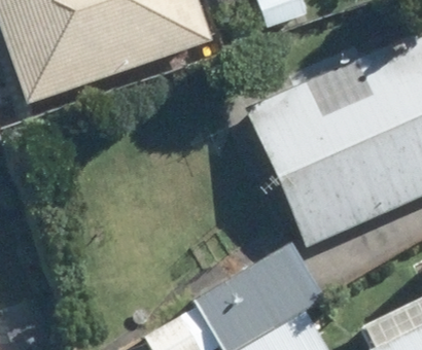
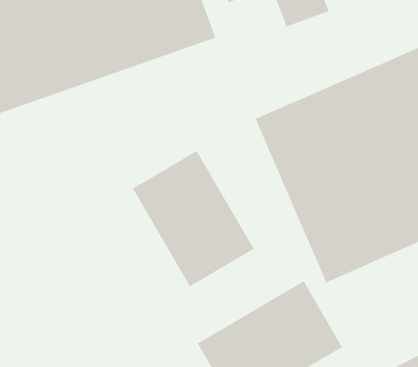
building: none -> [132,150,255,287]

